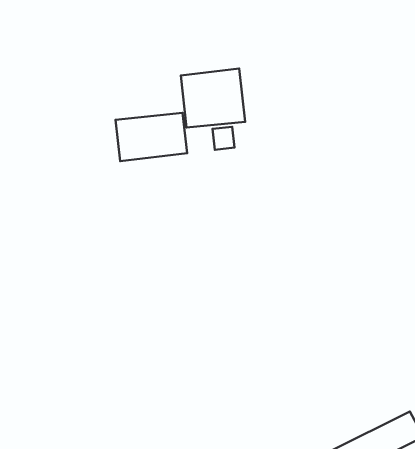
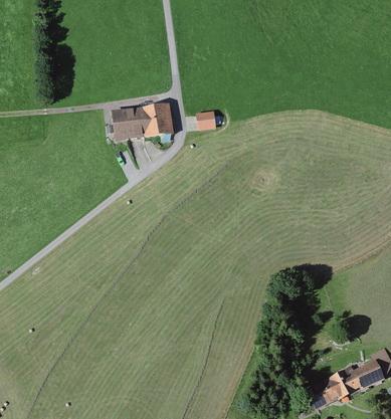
building: [181,68,245,128] -> none

